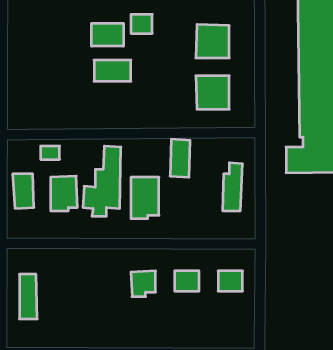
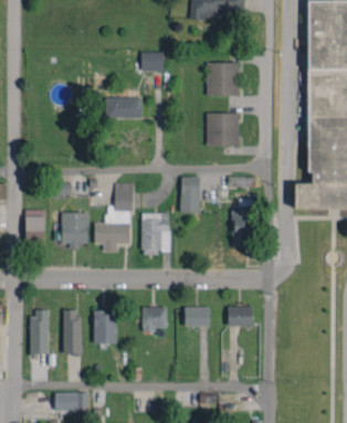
building: [92,23,123,46] -> none
building: none -> [63,309,81,353]
building: none -> [93,311,116,343]

